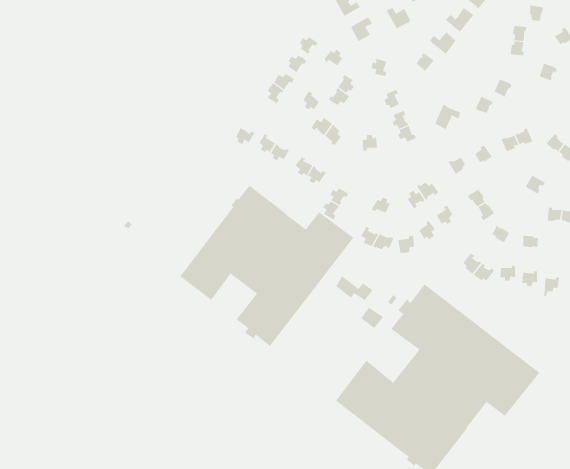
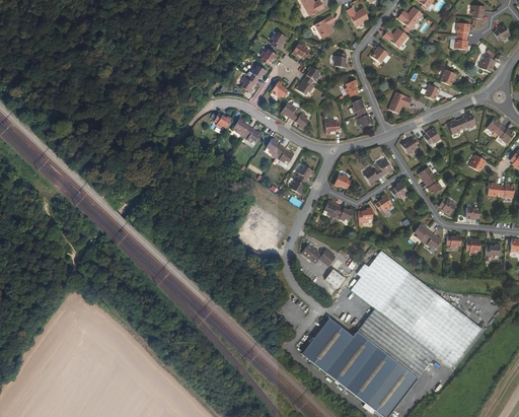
building: [180,185,354,347] -> none

